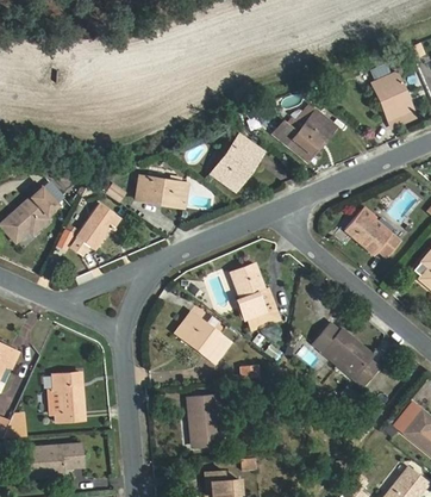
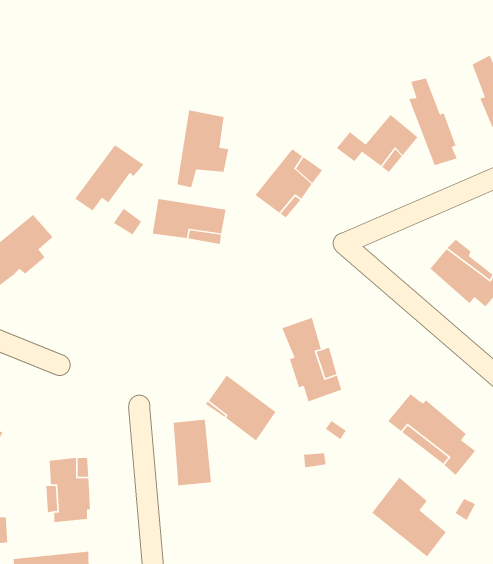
building: none -> [408,78,458,166]
building: none -> [176,110,229,188]
building: [67,204,120,255] -> [74,144,144,211]
building: none -> [371,476,447,558]
building: [188,395,218,446] -> [173,419,212,486]

